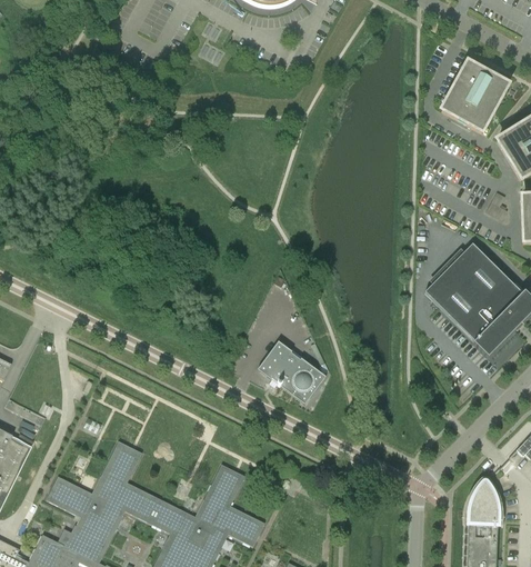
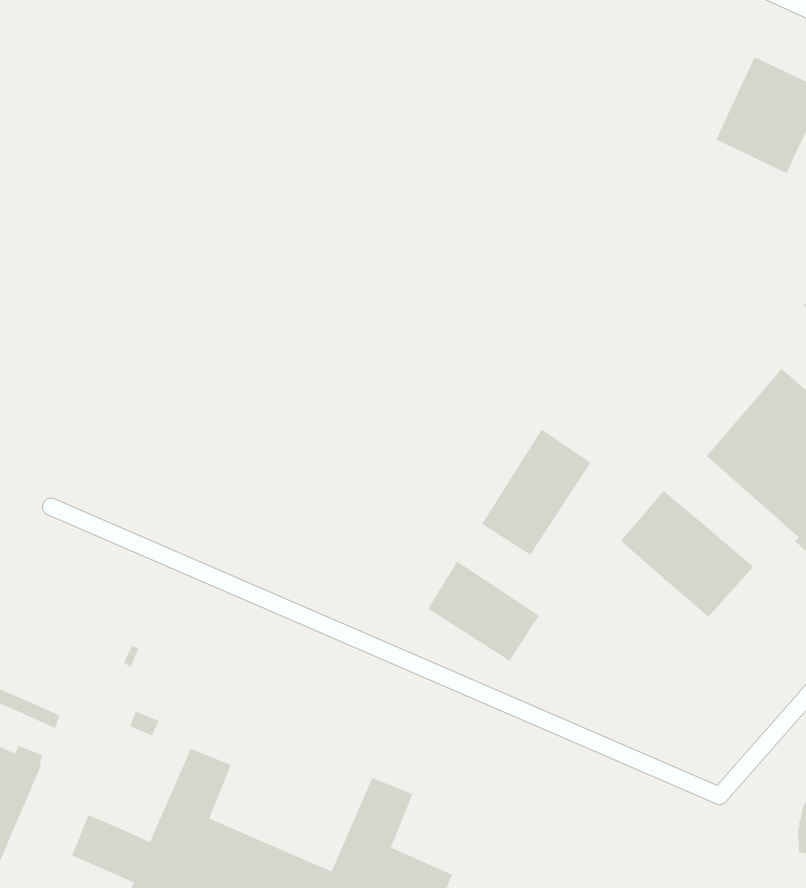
building: none -> [481,429,591,556]
building: none -> [620,490,754,618]

